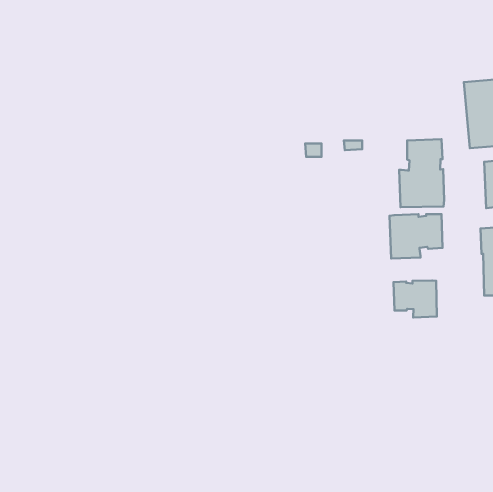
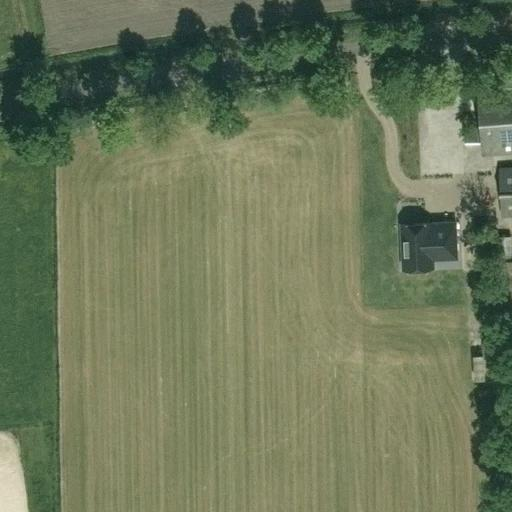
building: [399,139,444,207] -> none
building: [394,280,437,317] -> none

